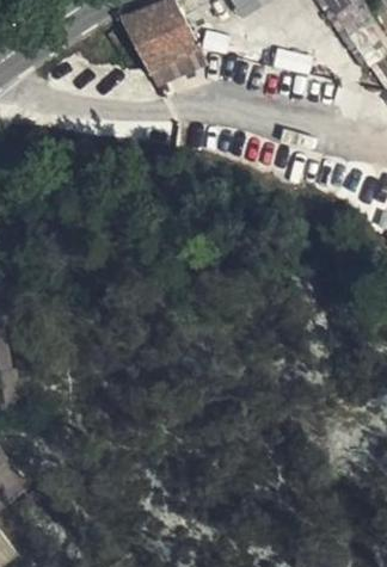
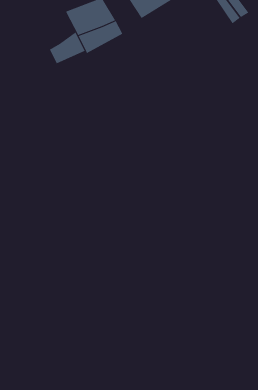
building: none -> [49,32,85,64]

